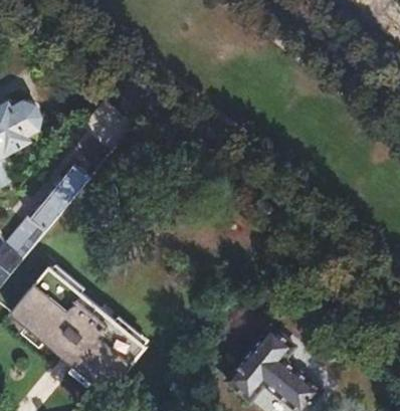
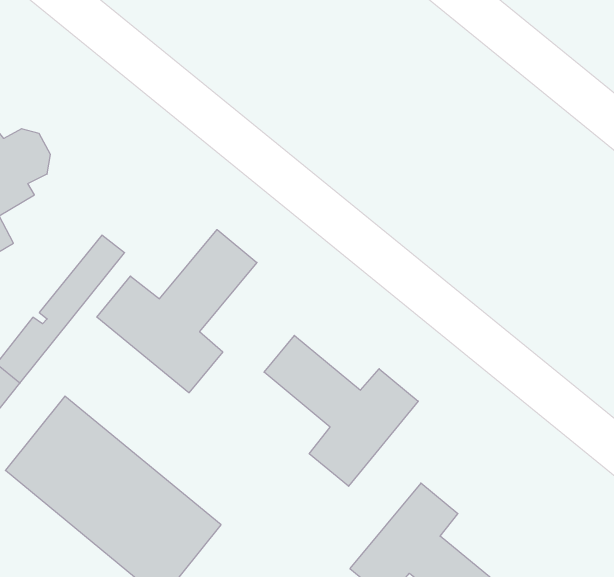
building: none -> [97,230,257,393]
building: none -> [264,335,418,486]

